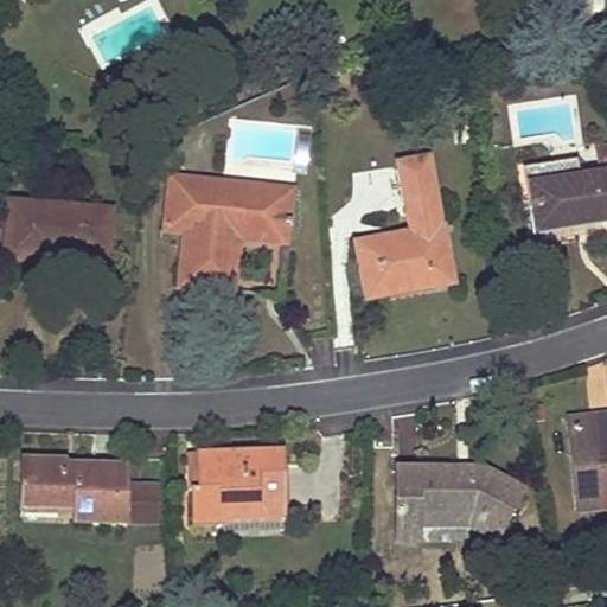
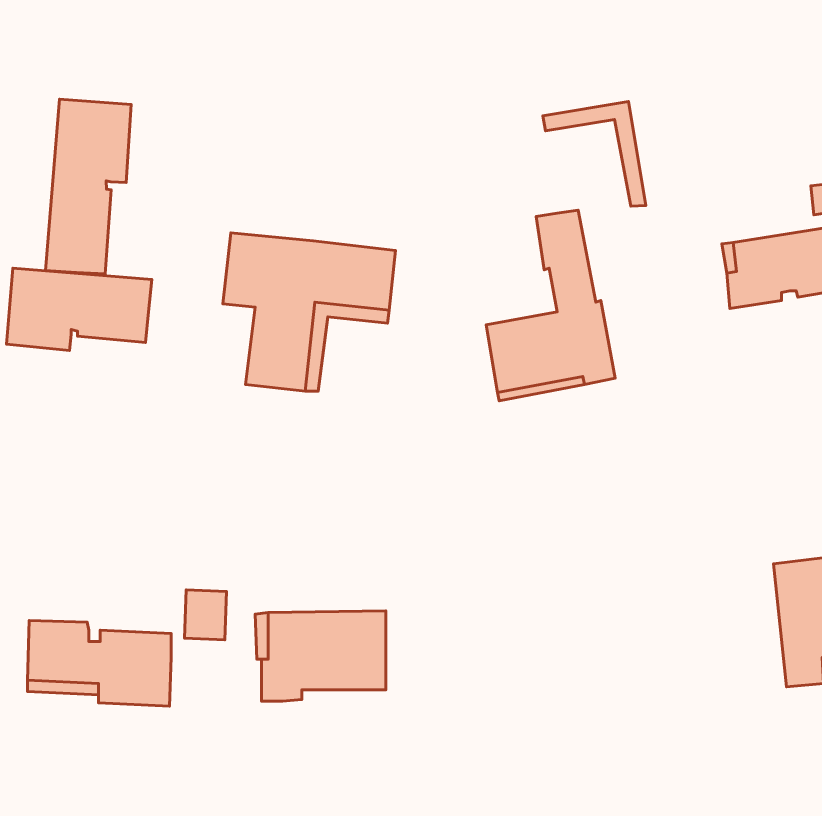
building: none -> [46,99,131,274]
building: none -> [543,101,646,206]
building: [397,462,525,535] -> none
building: [127,483,158,519] -> [184,590,226,640]

